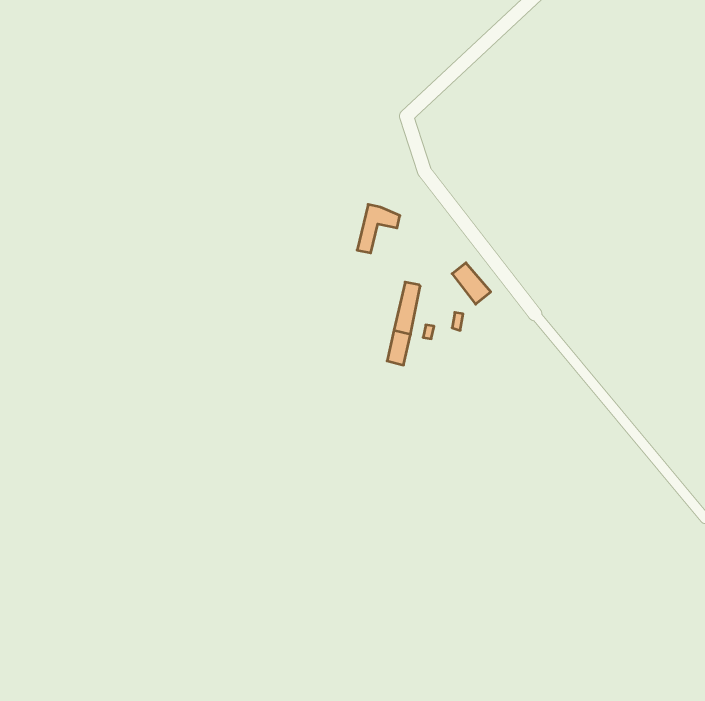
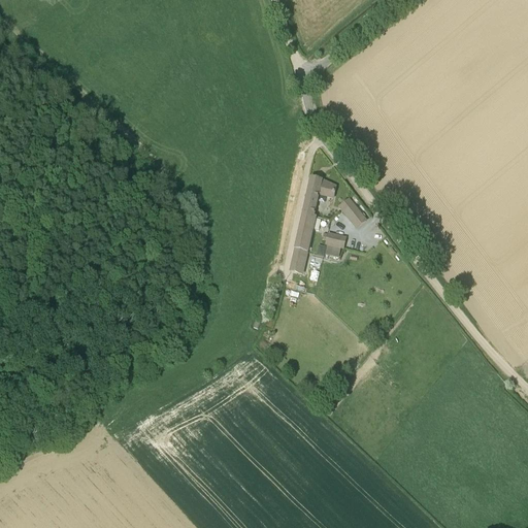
building: [357,204,400,253] -> [302,176,334,212]

